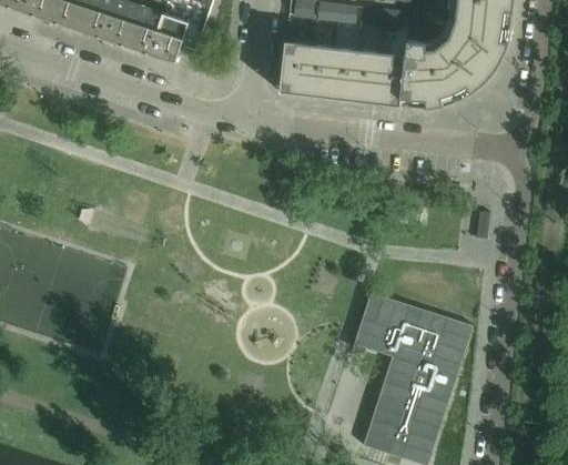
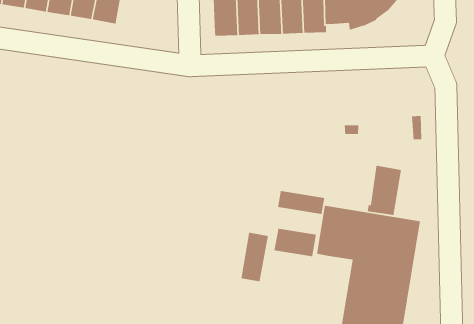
building: none -> [367,165,402,216]
building: none -> [277,190,325,215]
building: none -> [241,232,269,282]
building: none -> [274,228,317,257]

